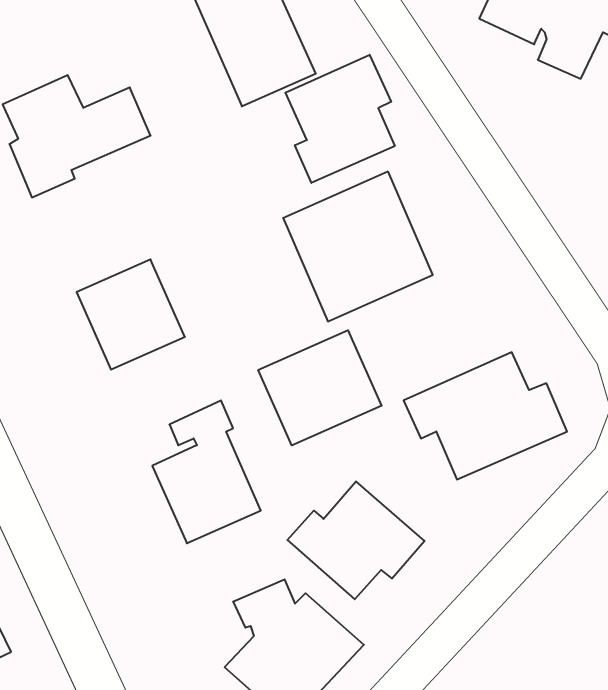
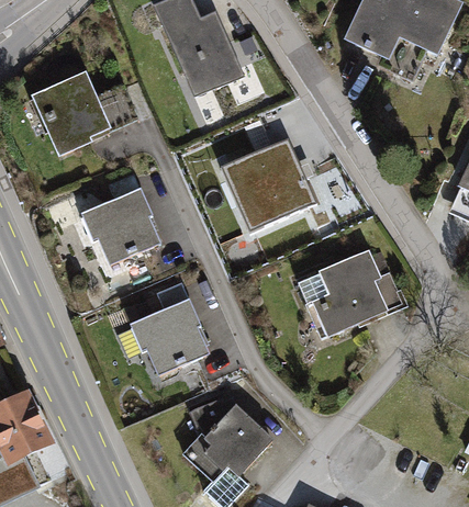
building: [285,55,395,183] -> none
building: [258,330,382,445] -> none
building: [287,481,425,599] -> none

